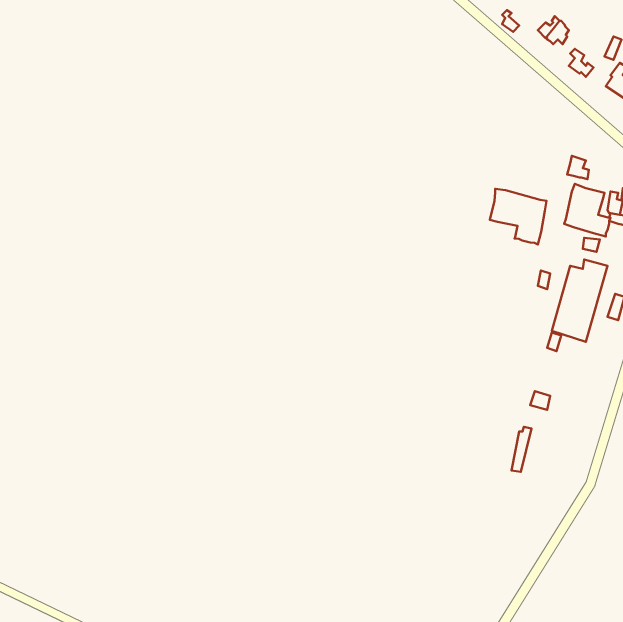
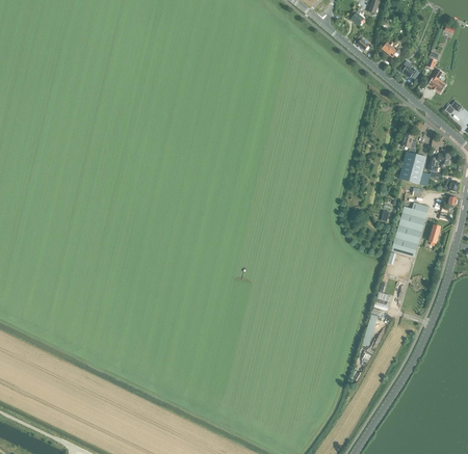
building: [490,189,546,244] -> none

